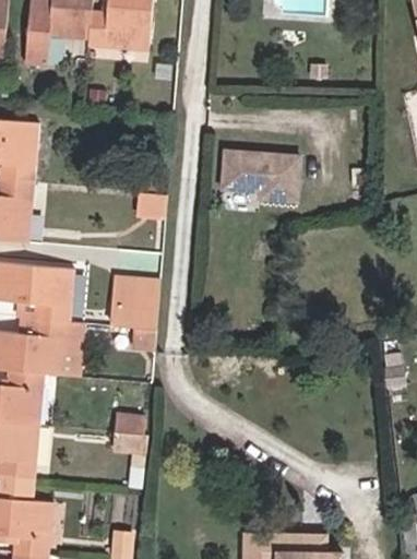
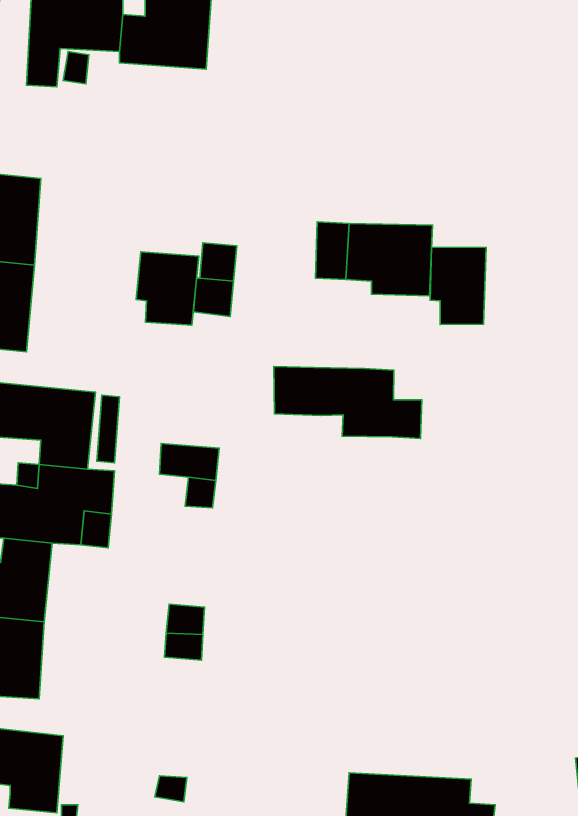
building: none -> [430,247,486,324]
building: none -> [136,252,199,325]
building: none -> [274,366,422,438]
building: [117,278,158,308] -> none

